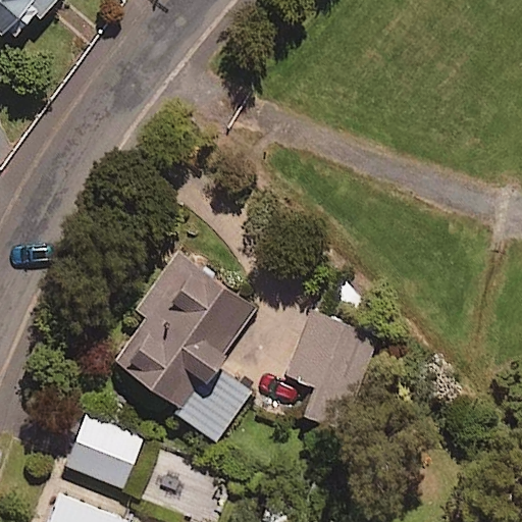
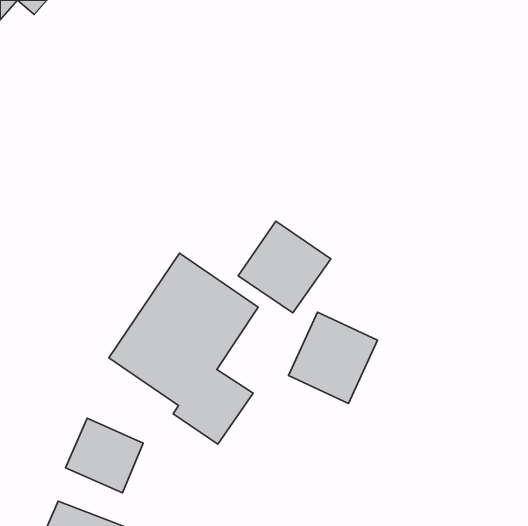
building: none -> [238,221,331,313]

